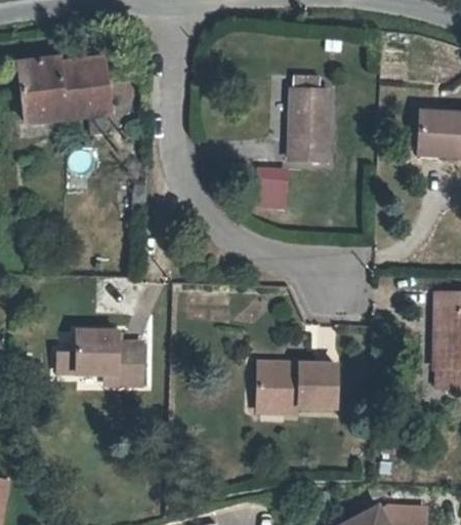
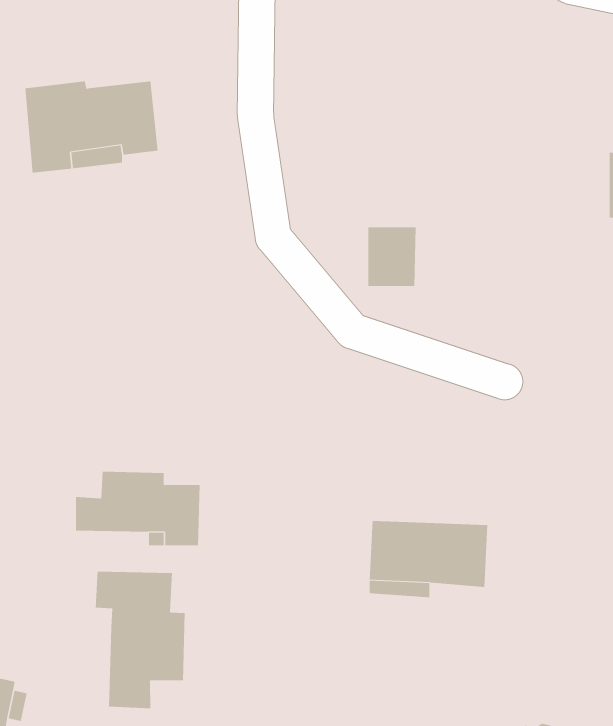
building: [291,67,330,154] -> none
building: none -> [95,571,185,709]

